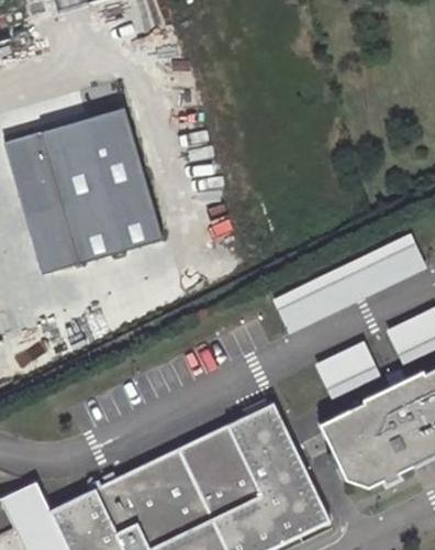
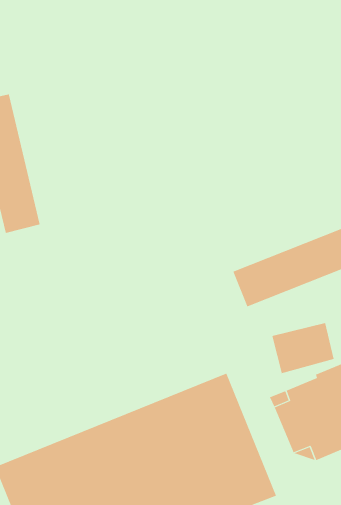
building: [38,107,161,264] -> none

